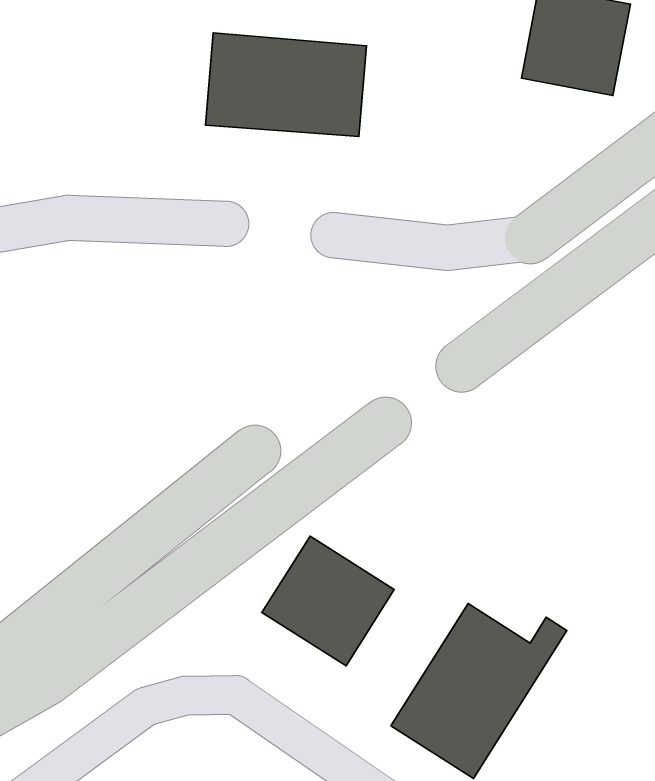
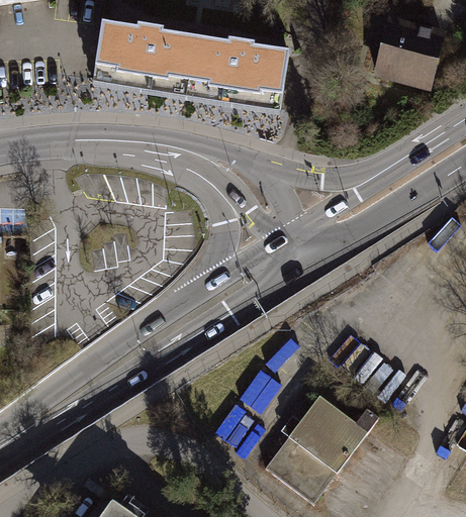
building: none -> [93,17,189,87]
building: [262,536,394,666] -> none

